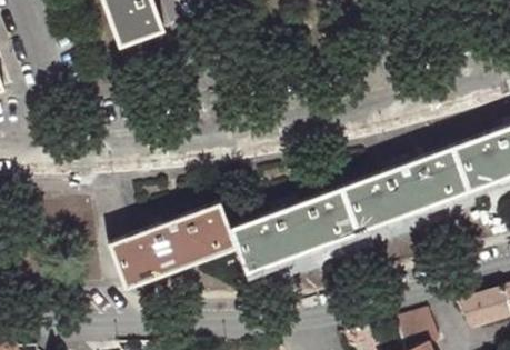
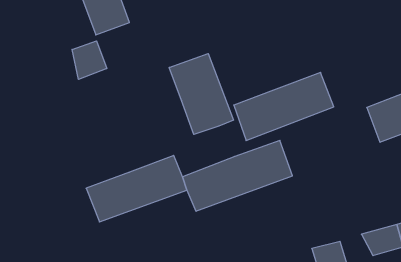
building: none -> [72,41,107,79]
building: none -> [169,54,234,134]
building: [354,141,480,227] -> [234,72,334,141]

